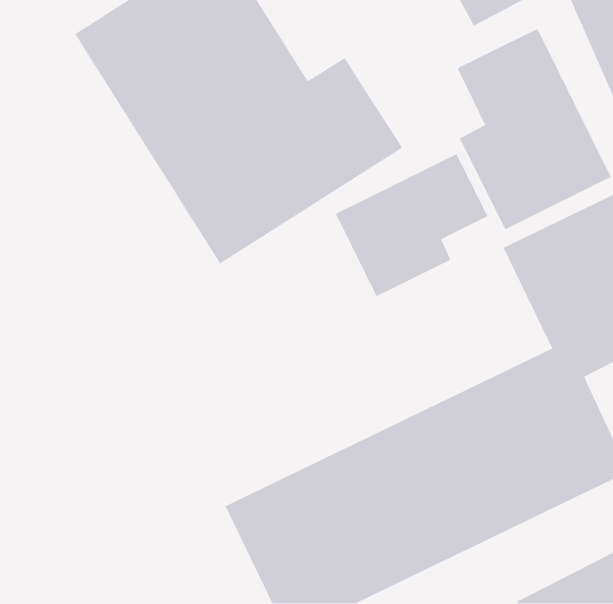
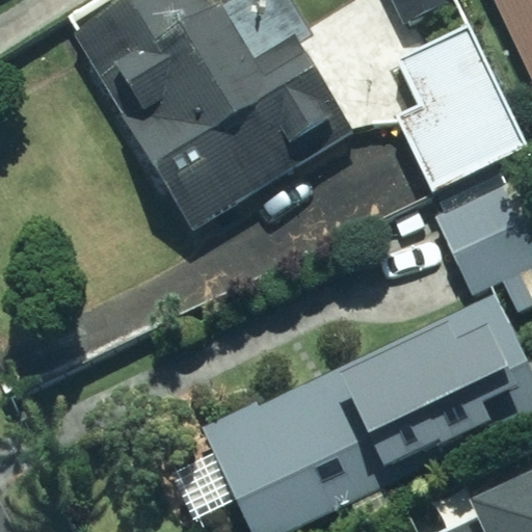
building: [335,153,488,297] -> none

